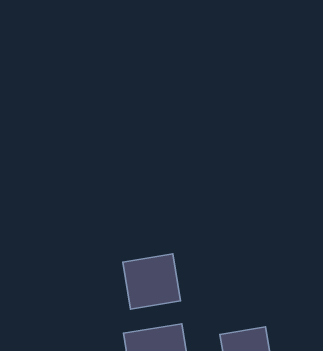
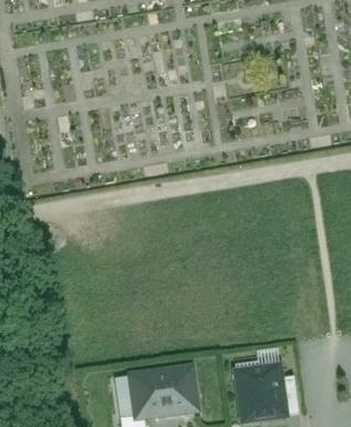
building: [123,254,180,309] -> none

